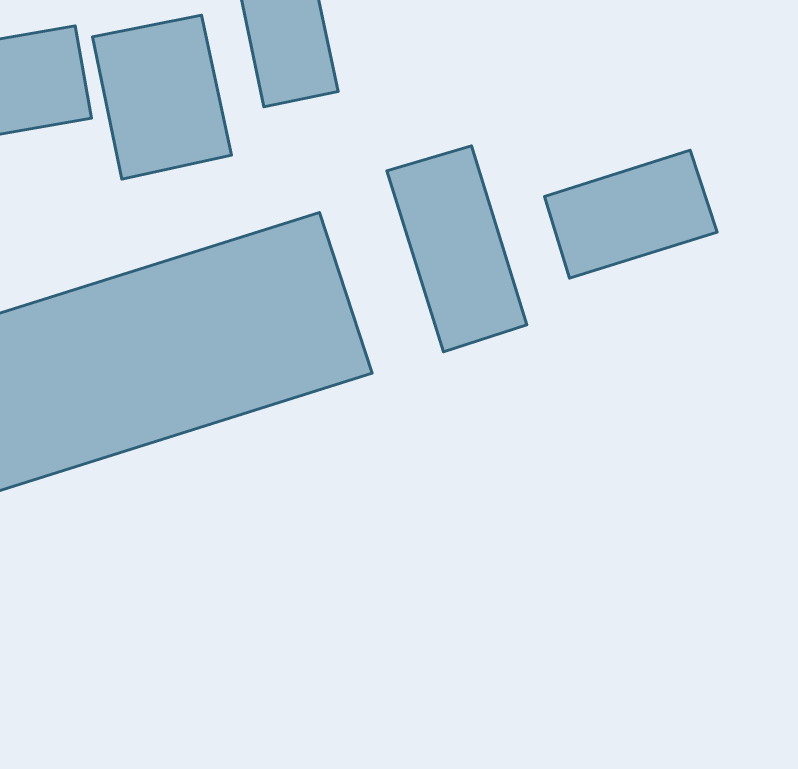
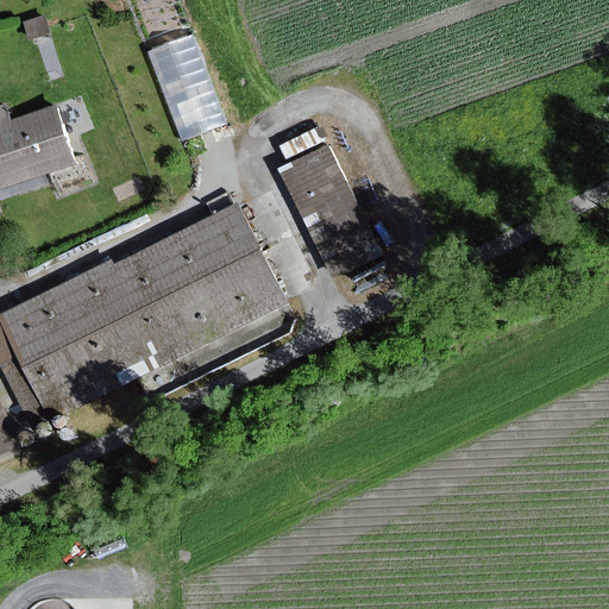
building: [93,15,231,179] -> none
building: [545,150,717,278] -> none

